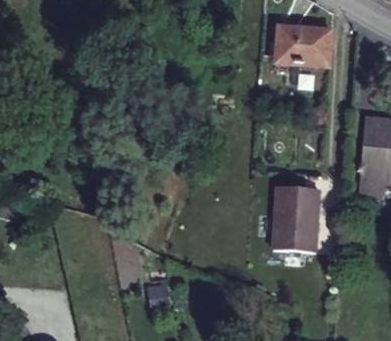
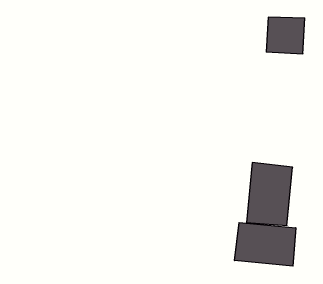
building: none -> [235,223,296,266]

